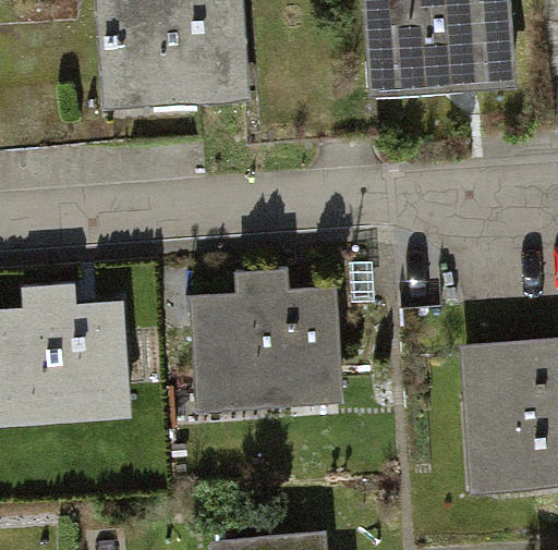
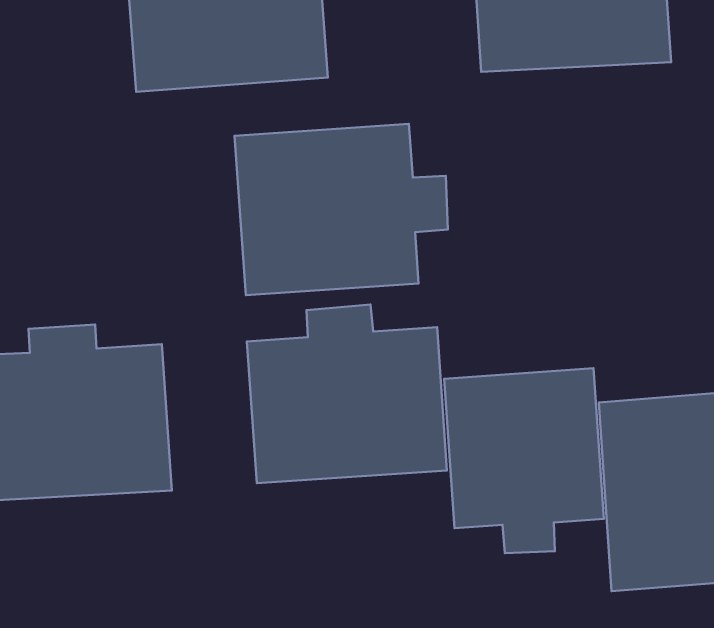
building: none -> [234,124,448,295]
building: none -> [444,368,604,553]

